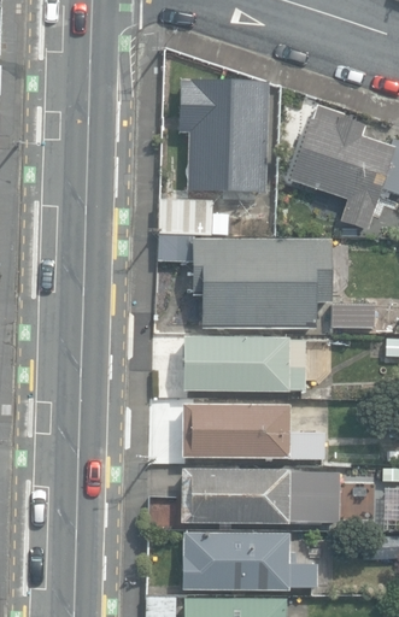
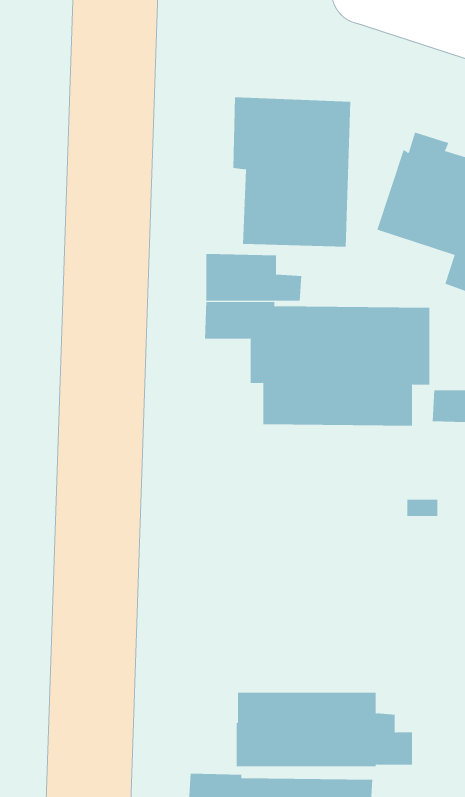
building: [183,335,306,392] -> none
building: [182,404,324,458] -> none
building: [181,470,340,524] -> none

